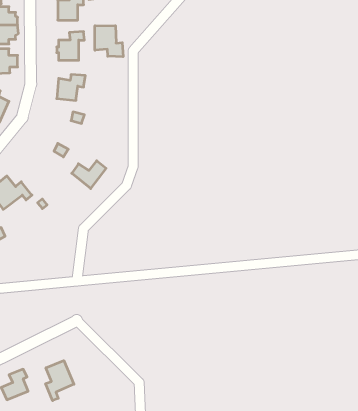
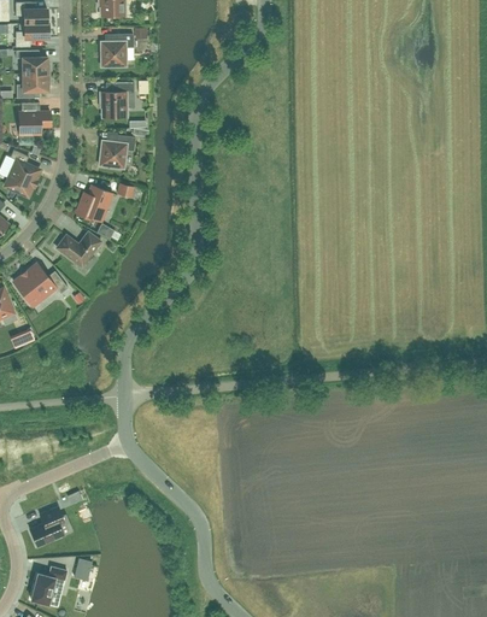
building: [95,26,123,57] -> none
building: none -> [76,186,110,219]
building: [72,161,106,189] -> [57,231,100,266]
building: [46,361,74,401] -> none

